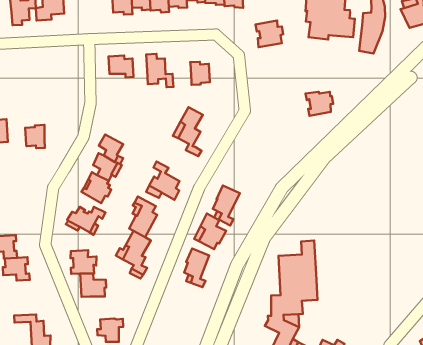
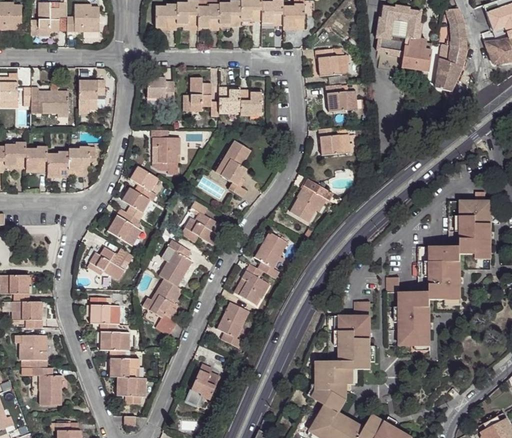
building: none -> [326,84,357,112]
building: none -> [79,79,105,109]
building: none -> [219,87,240,113]
building: none -> [31,87,68,114]
building: [305,92,333,116] -> [318,128,349,155]
building: none -> [151,130,180,173]
building: none -> [68,146,95,172]
building: none -> [26,146,47,172]
building: none -> [290,178,334,222]
building: none -> [386,192,491,346]
building: none -> [20,335,47,367]
building: none -> [109,350,140,377]
building: none -> [186,363,220,405]

